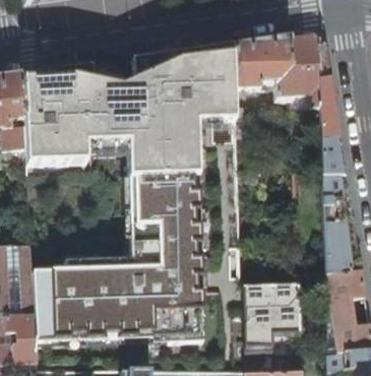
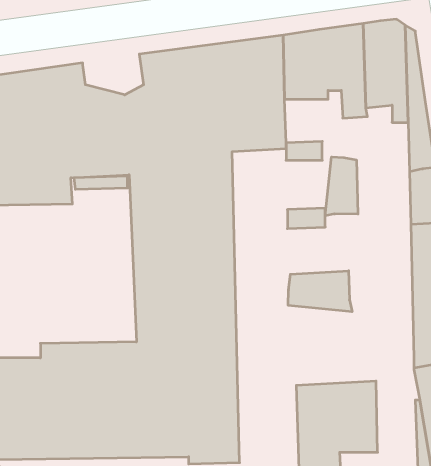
building: none -> [325,157,358,216]
building: none -> [288,271,352,312]

